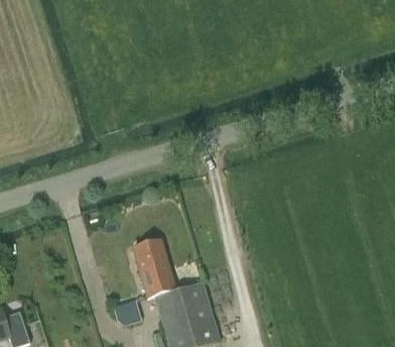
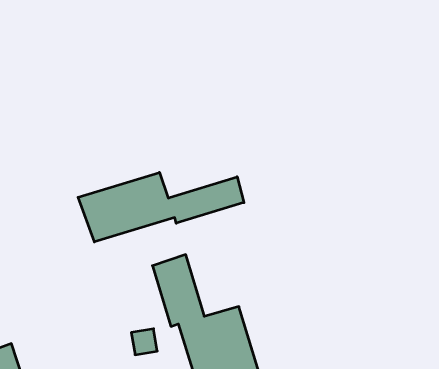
building: none -> [78,172,244,242]

